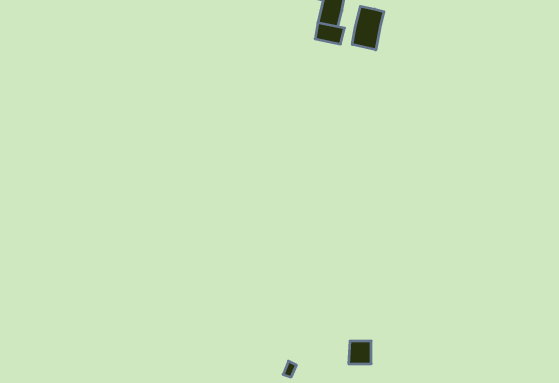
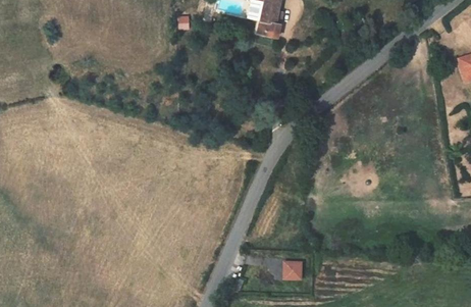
building: [352,6,384,50] -> none

